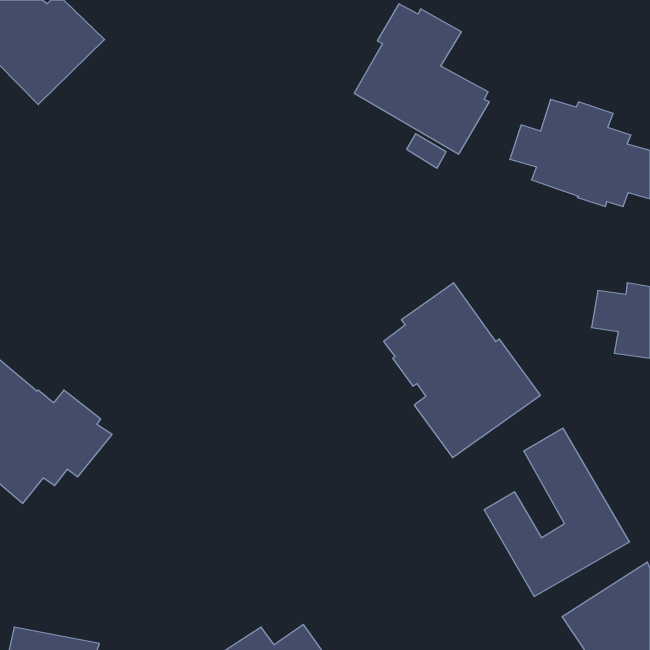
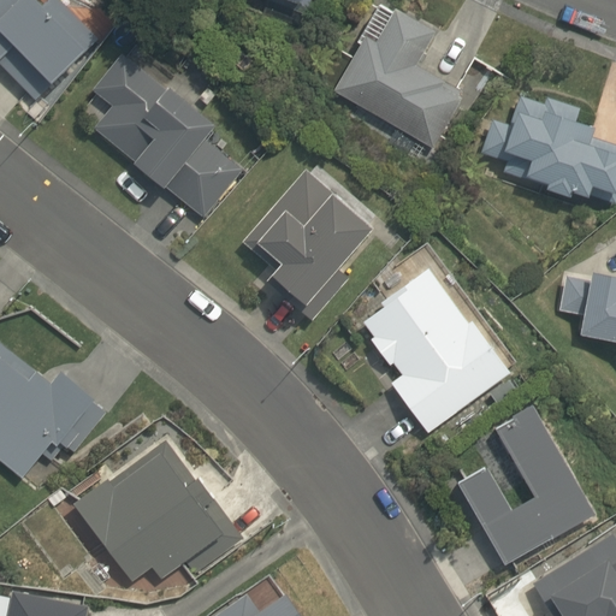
building: none -> [93,54,242,218]
building: none -> [242,170,374,321]
building: none -> [73,439,243,581]

